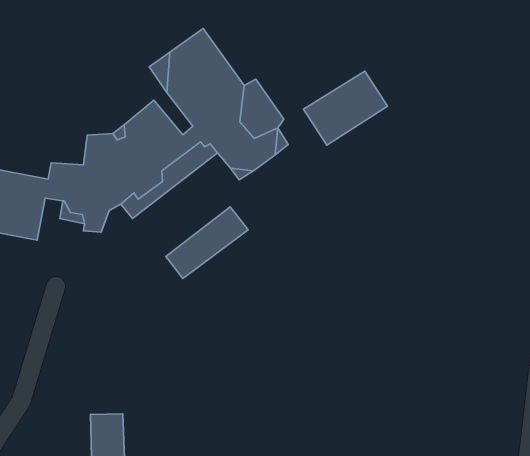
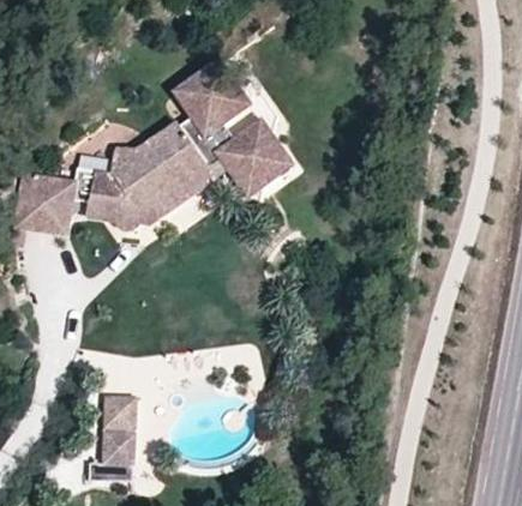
building: [303,71,388,145] -> none
building: [166,207,248,279] -> none

